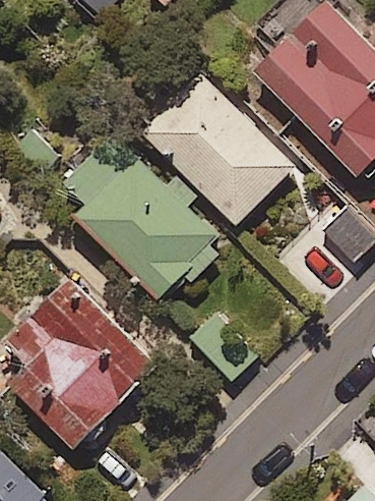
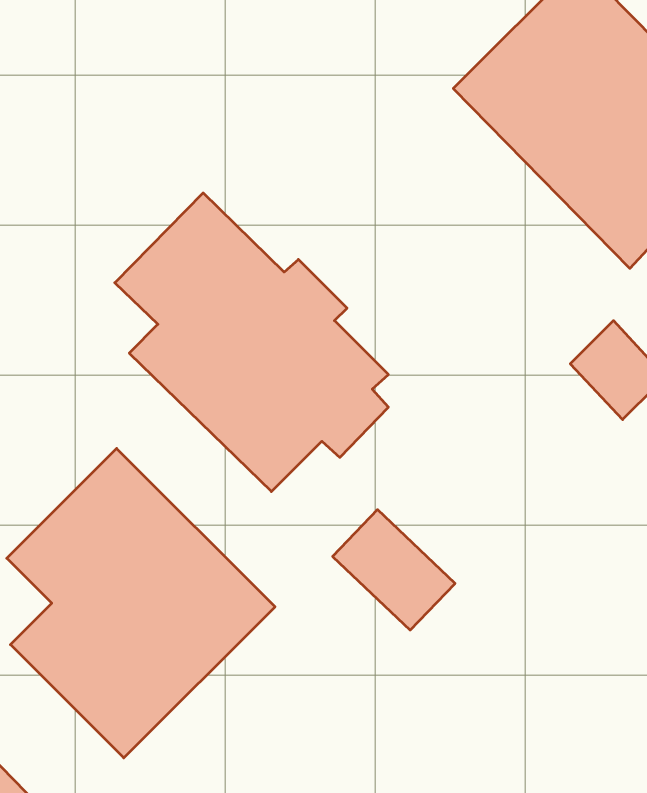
building: [150,74,296,224] -> none

